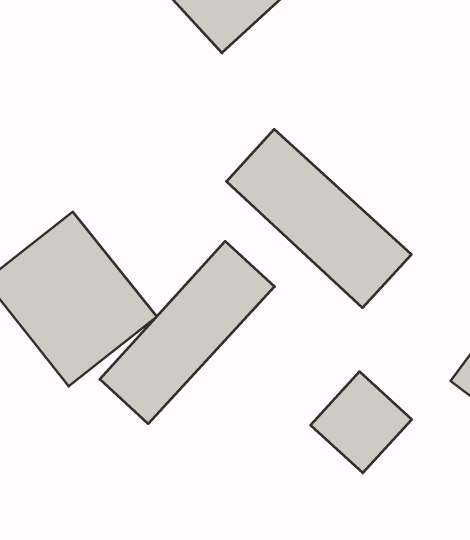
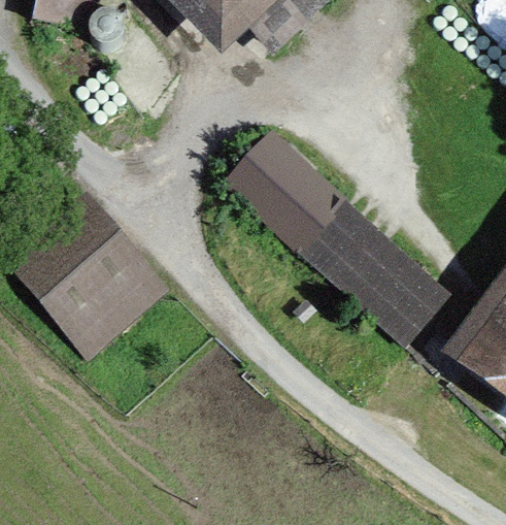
building: [100,241,275,424] -> none
building: [311,372,412,473] -> [355,245,450,341]

